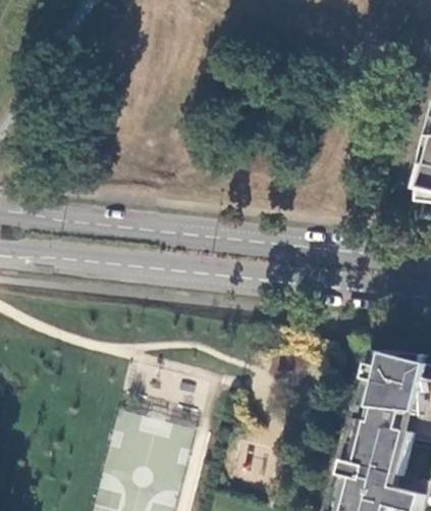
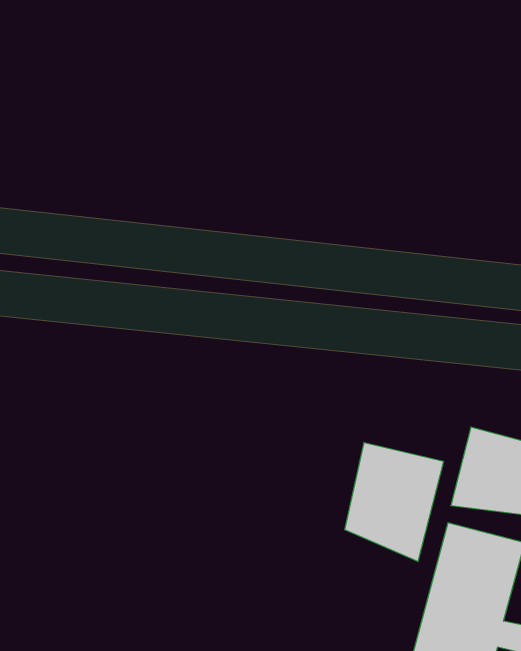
building: none -> [345,442,443,562]

